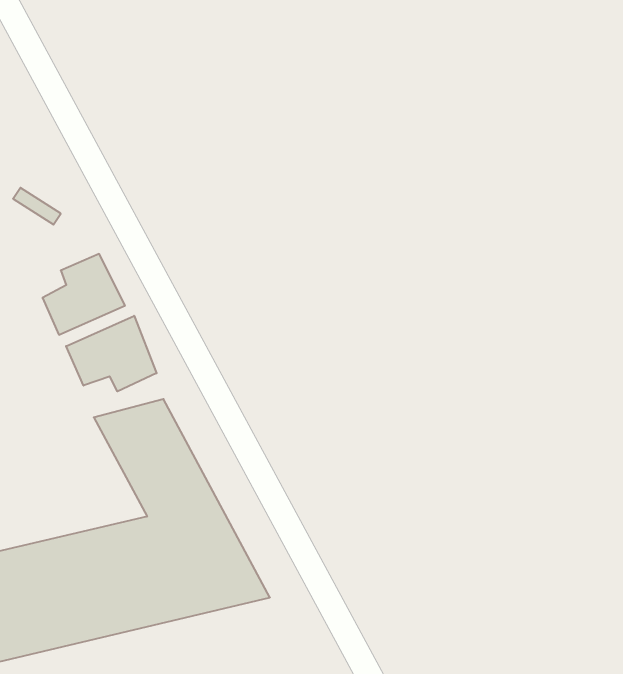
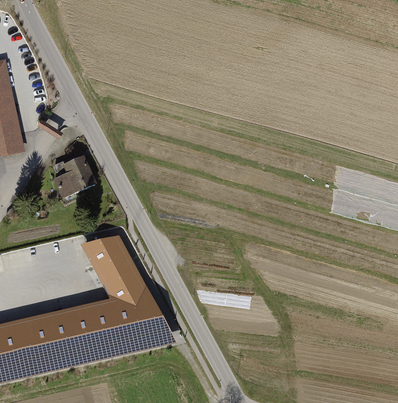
building: [66,316,157,391] -> none

